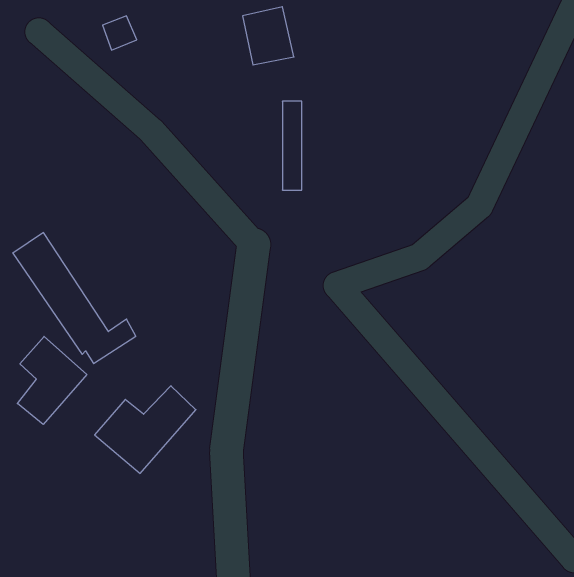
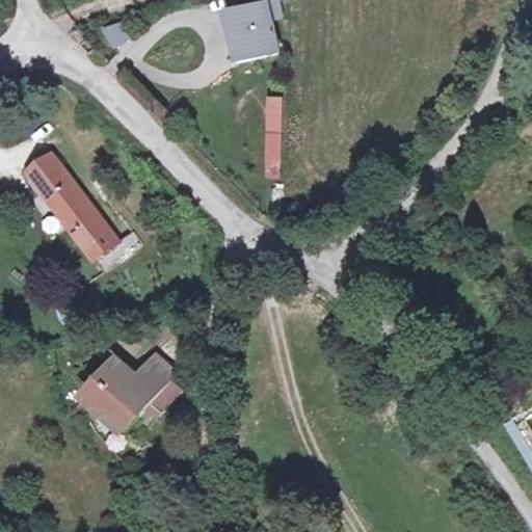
building: [13,233,136,364] -> [26,148,138,267]
building: [17,336,87,424] -> none

